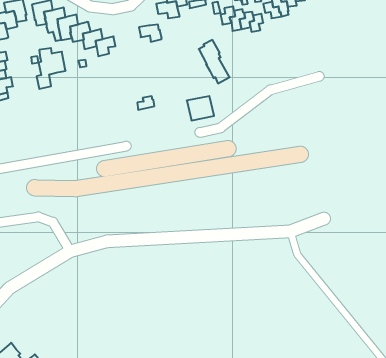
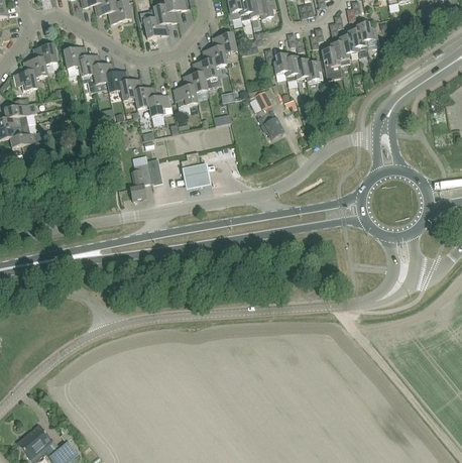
building: none -> [192,60,219,87]
building: none -> [172,85,198,106]
building: none -> [148,94,172,116]
building: [37,48,66,89] -> [129,154,161,200]
building: [187,96,214,120] -> [182,165,212,193]

